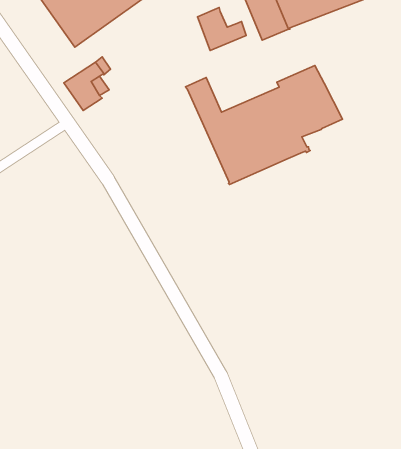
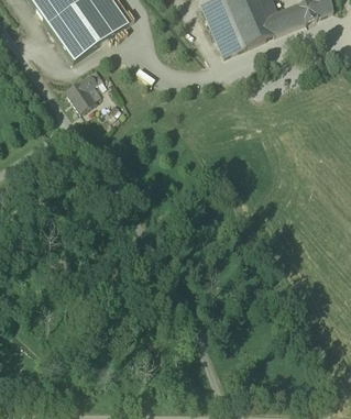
building: [198,8,246,50] -> none
building: [185,66,342,185] -> none

